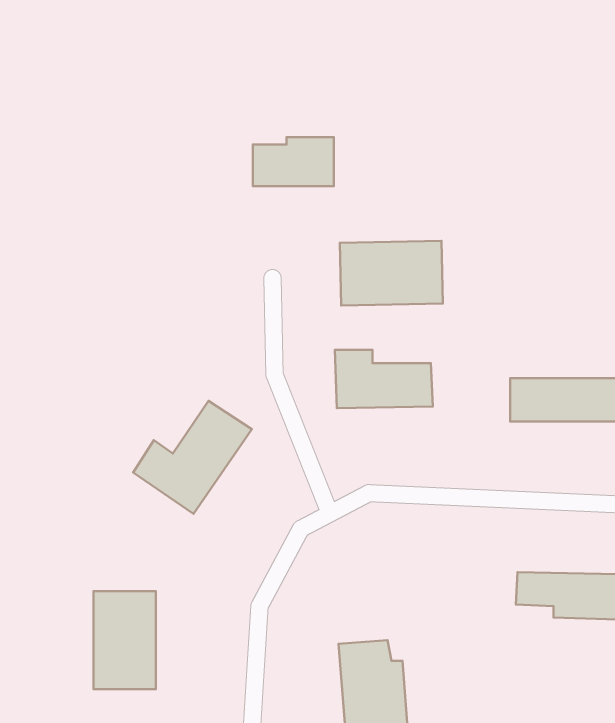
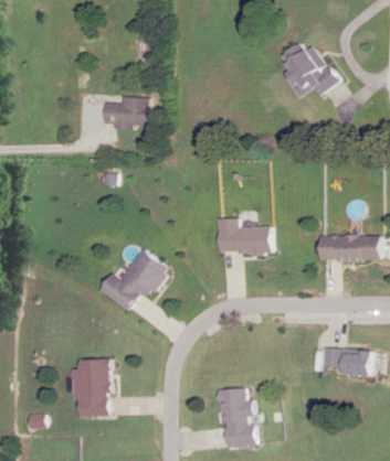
building: none -> [280,37,336,95]
building: [253,137,334,186] -> [105,97,152,126]
building: [340,241,443,305] -> none

